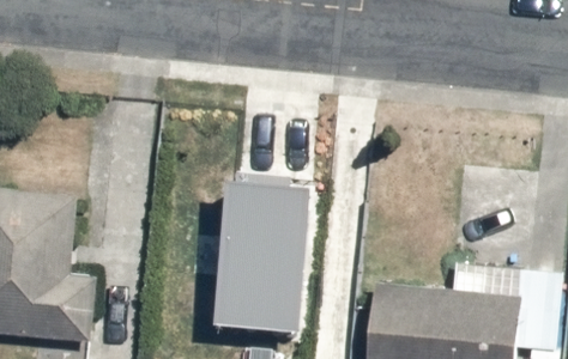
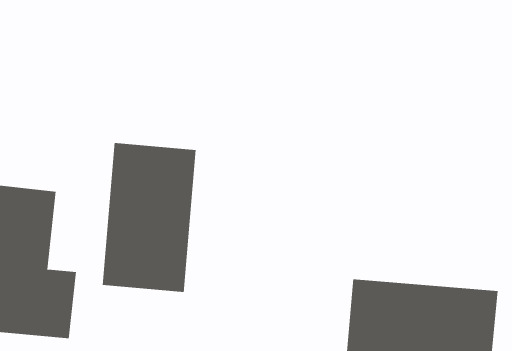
building: [216,178,310,328] -> [102,143,196,293]

